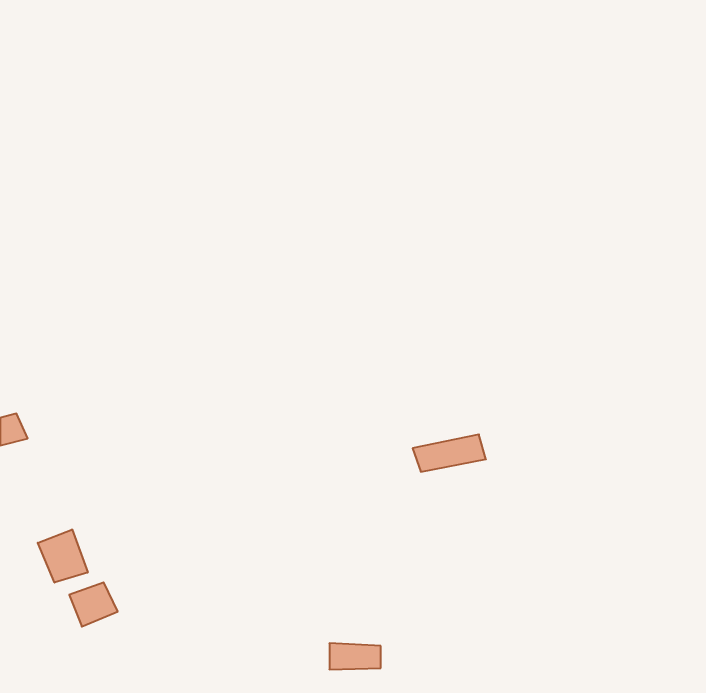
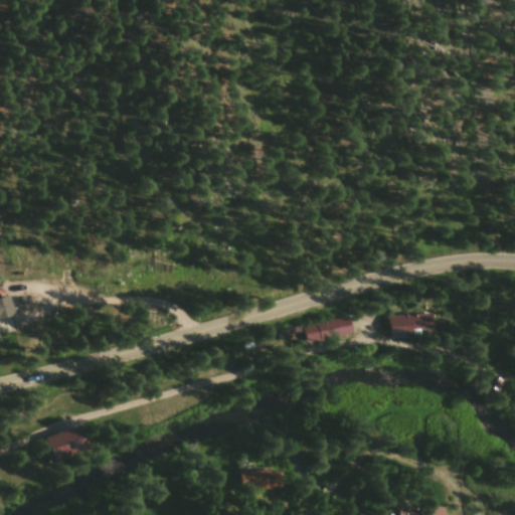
building: none -> [388,312,440,339]
building: [38,529,88,583] -> none

